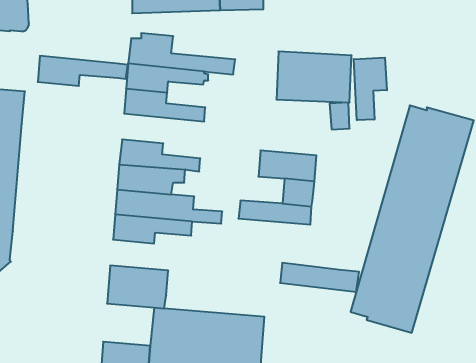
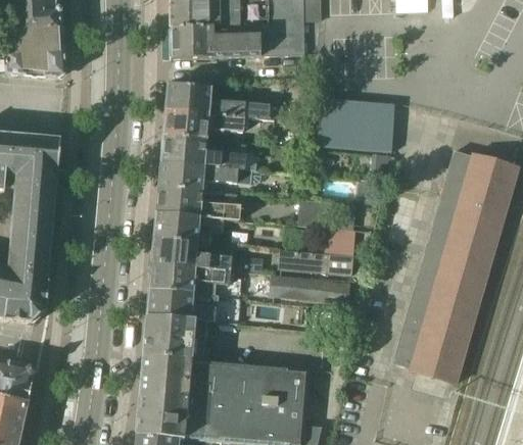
building: [38,56,128,86] -> [159,160,251,191]
building: [354,58,387,120] -> none
building: none -> [147,289,228,323]
building: [280,263,359,292] -> [269,274,349,303]
building: none -> [140,354,192,397]

